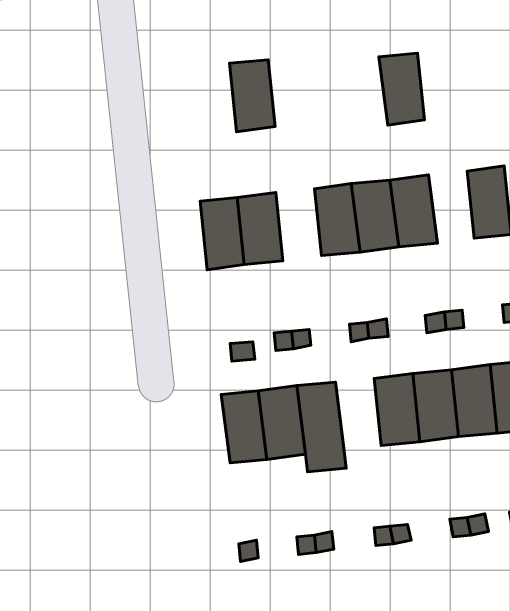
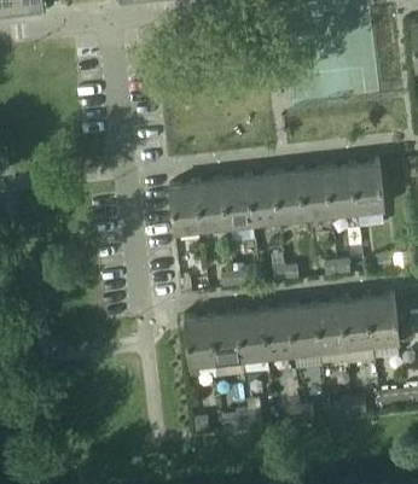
building: [379,53,425,125] -> [326,167,358,216]
building: [230,60,275,132] -> [221,179,252,228]
building: none -> [262,309,294,358]

